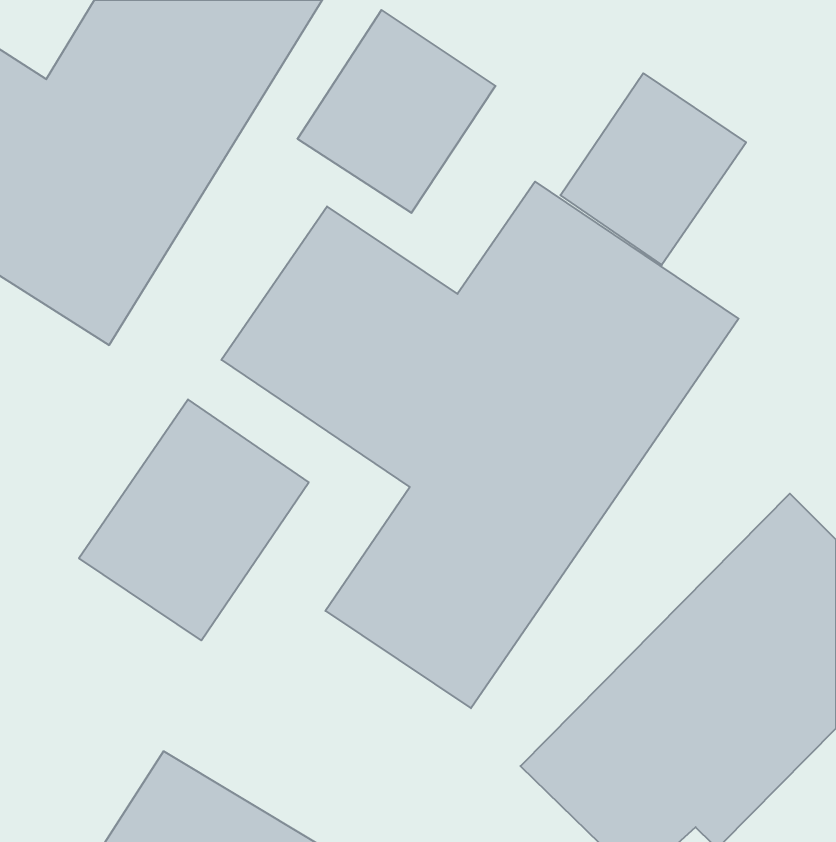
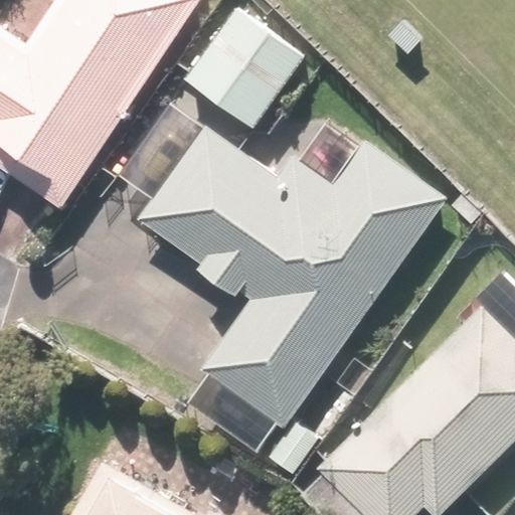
building: [560,73,746,265] -> none
building: [79,399,309,640] -> none

